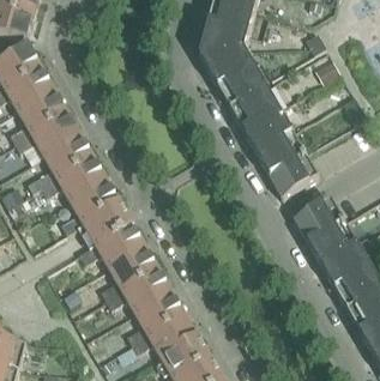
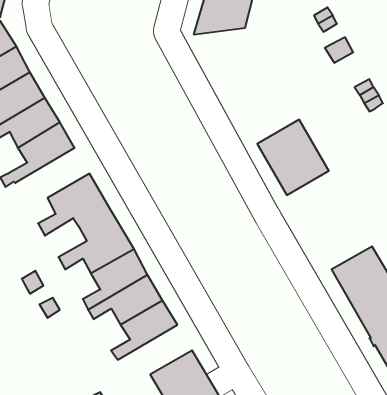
building: [199,50,292,153] -> none
building: [41,157,107,201] -> none
building: [294,198,357,265] -> none
building: [132,314,198,358] -> none

